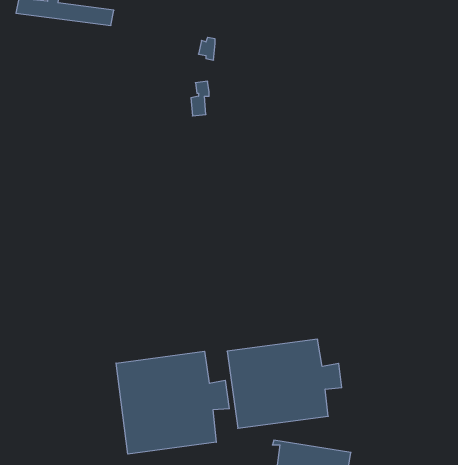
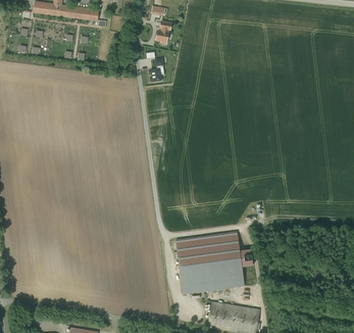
building: [116,351,229,454] -> none

